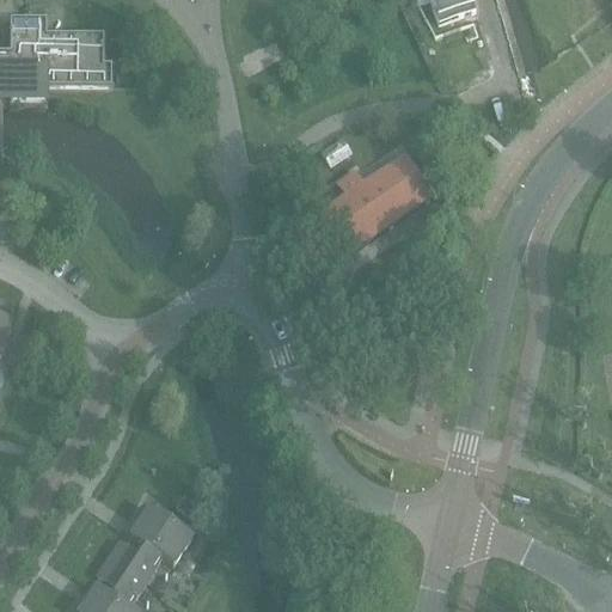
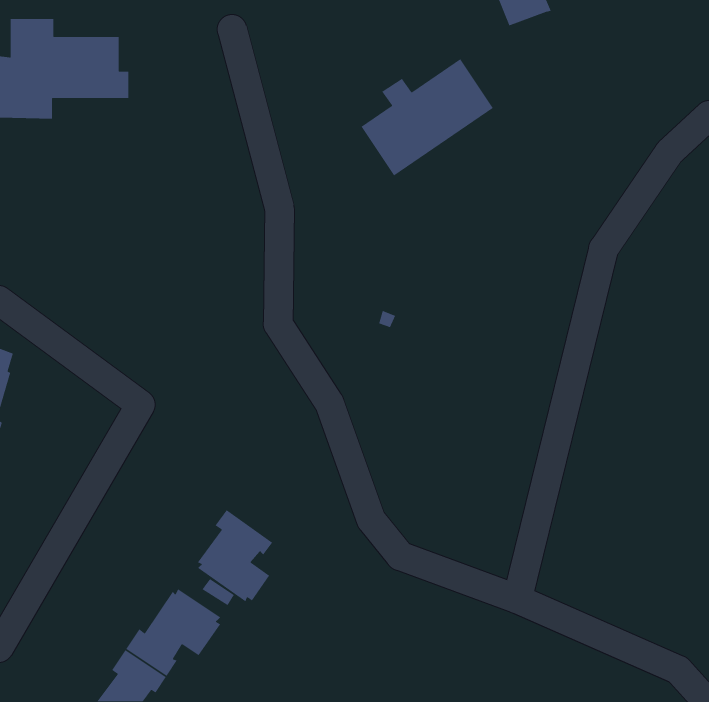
building: [317,153,432,255] -> [360,58,494,176]
building: none -> [197,509,273,603]

